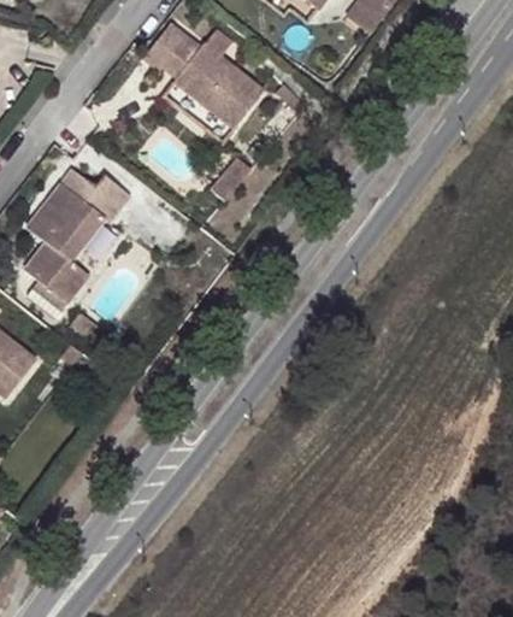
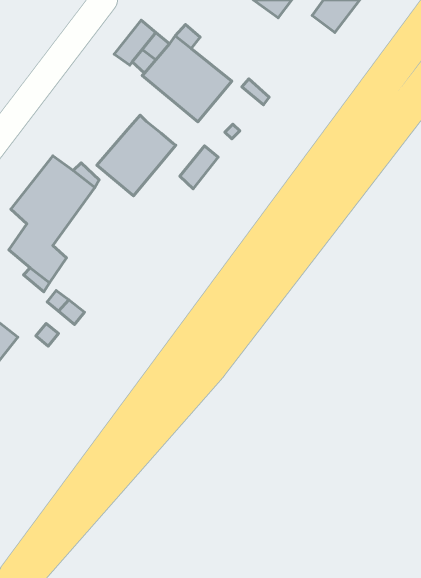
building: none -> [97,115,176,196]

